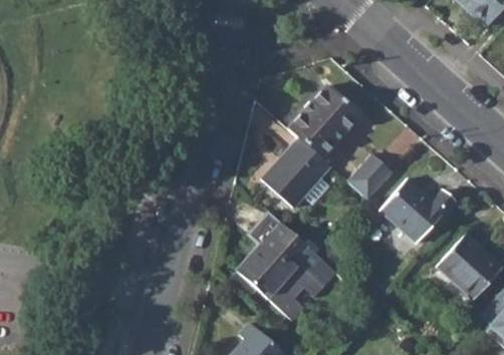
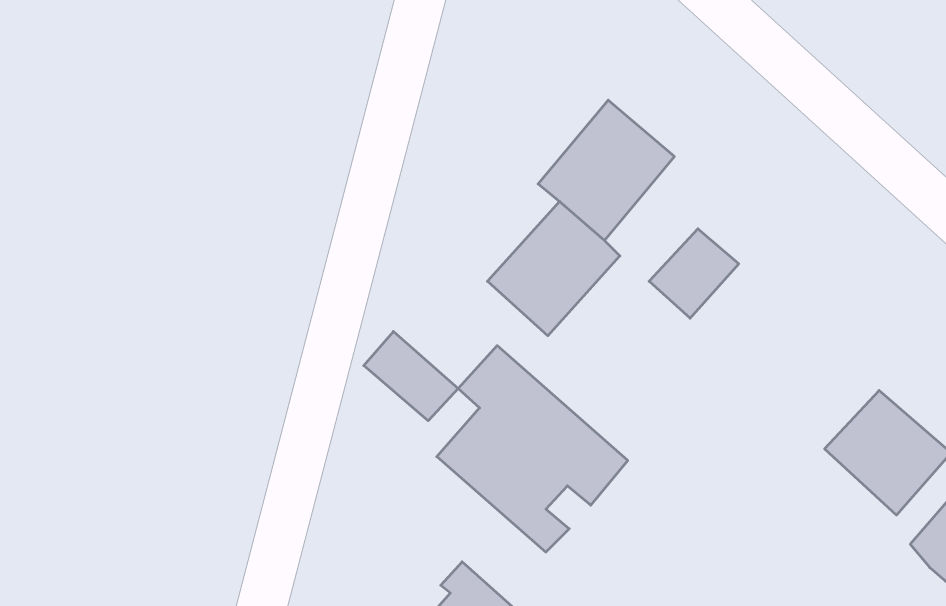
building: [380,178,456,243] -> none
building: none -> [364,331,458,421]

